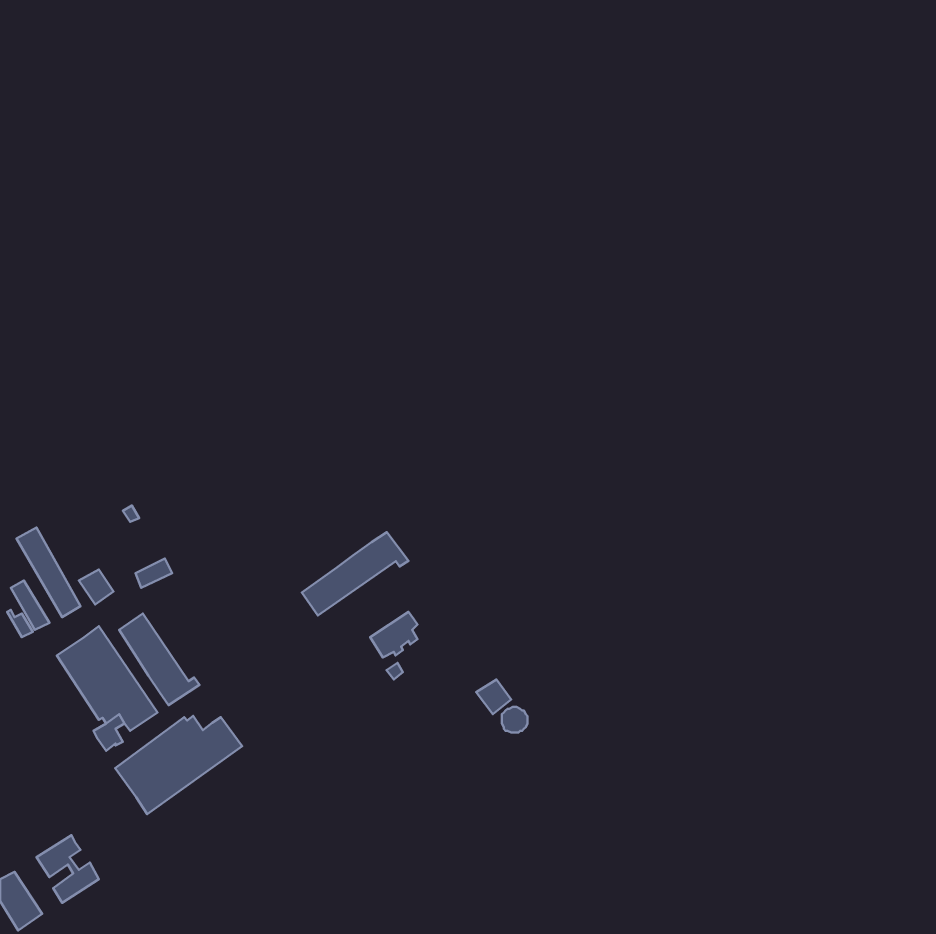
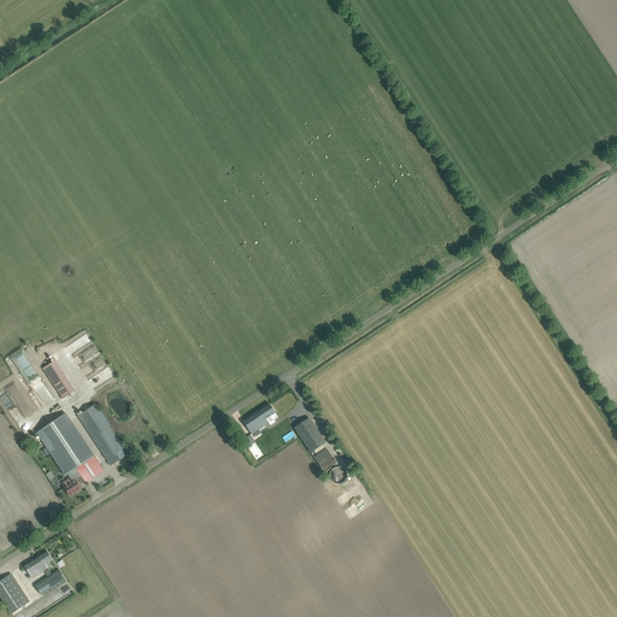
building: [302,532,408,616] -> none
building: none -> [294,416,327,452]
building: [115,716,242,814] -> none

